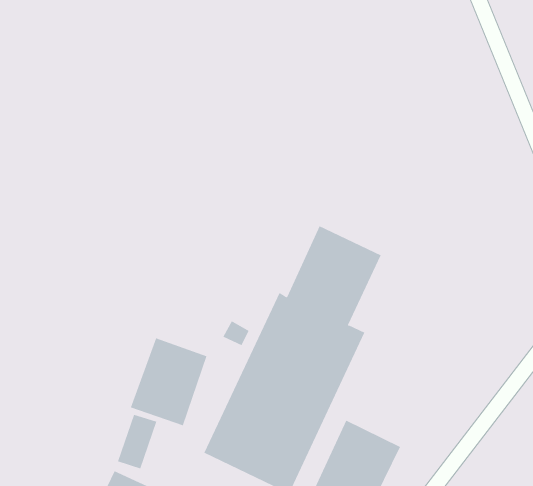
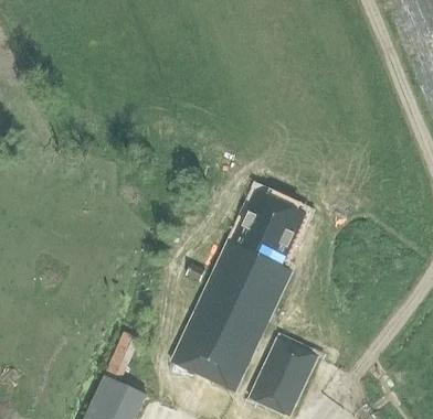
building: [130,338,207,426] -> none

